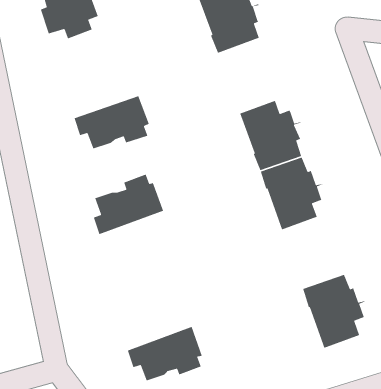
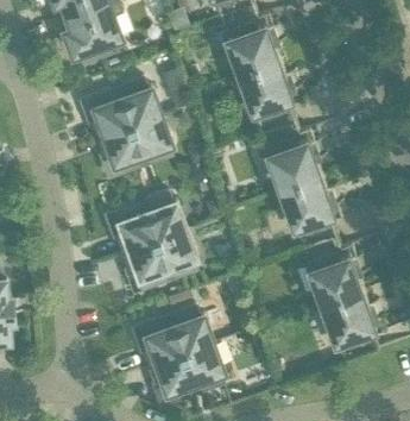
building: none -> [236,61,299,134]
building: none -> [89,80,159,139]
building: none -> [120,231,195,285]
building: none -> [299,237,366,307]
building: none -> [141,308,212,367]

